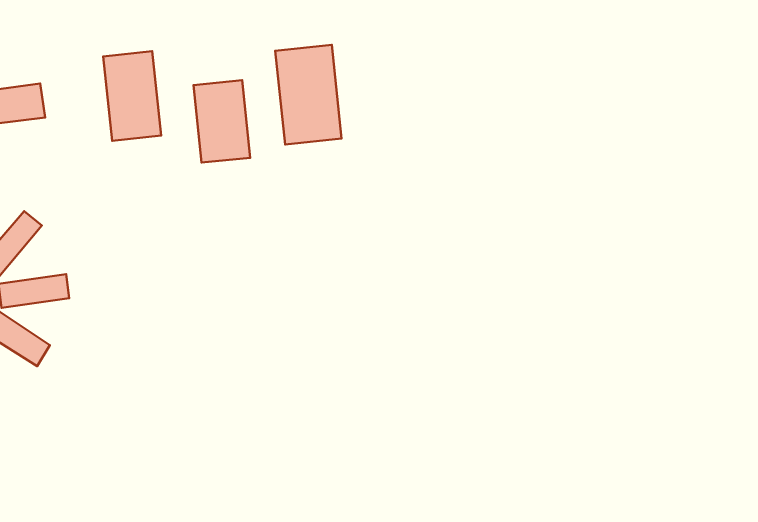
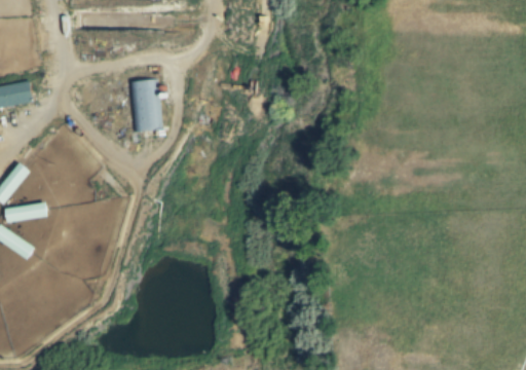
building: [275,45,342,145] -> none
building: [103,51,161,141] -> none

